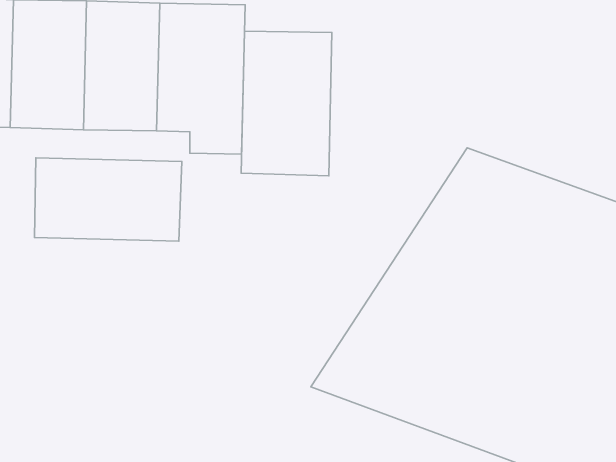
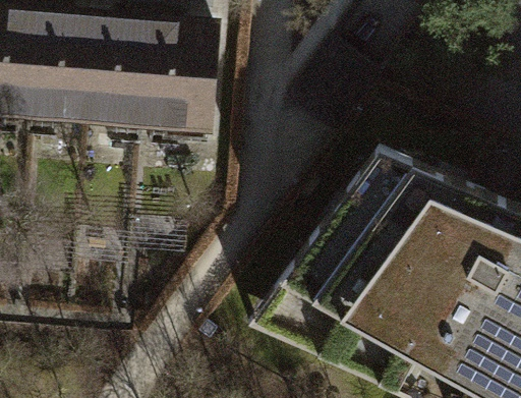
building: [241,31,332,176] -> none
building: [35,158,182,241] -> none

